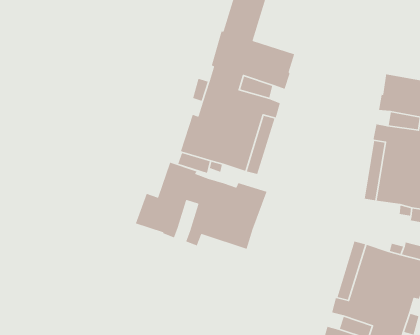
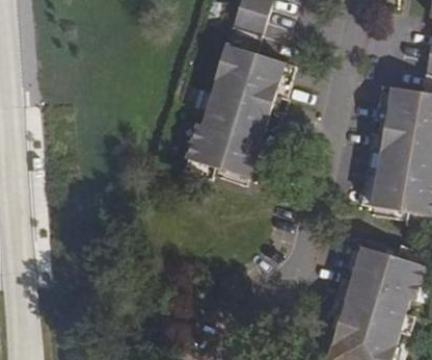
building: [135,161,267,250] -> none

